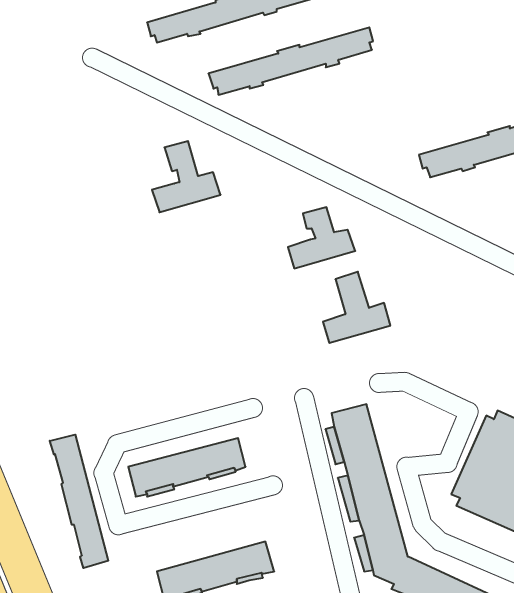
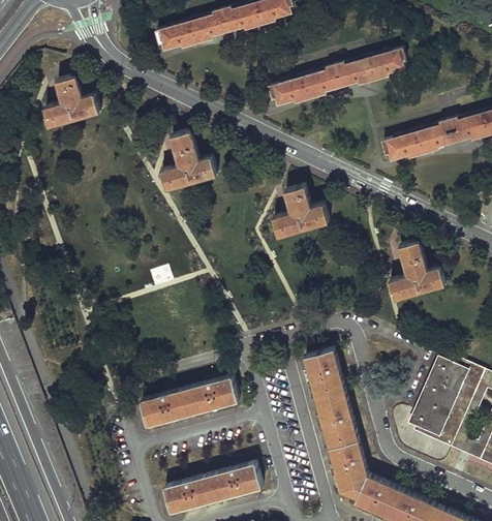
building: [208,27,373,95] -> [267,50,403,105]
building: none -> [42,75,98,126]
building: [323,272,390,343] -> [388,241,443,300]
building: [50,435,108,568] -> none

